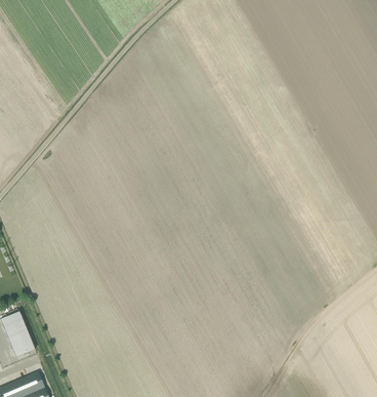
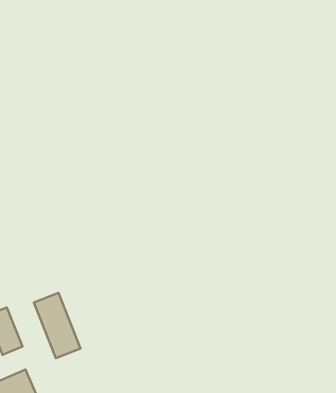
building: none -> [34,293,81,358]

